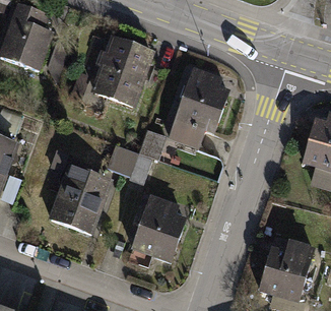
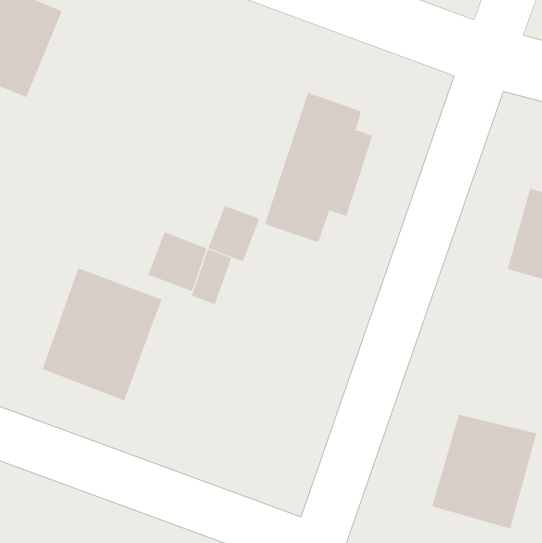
building: [90,38,154,104] -> none
building: [129,193,186,263] -> none

